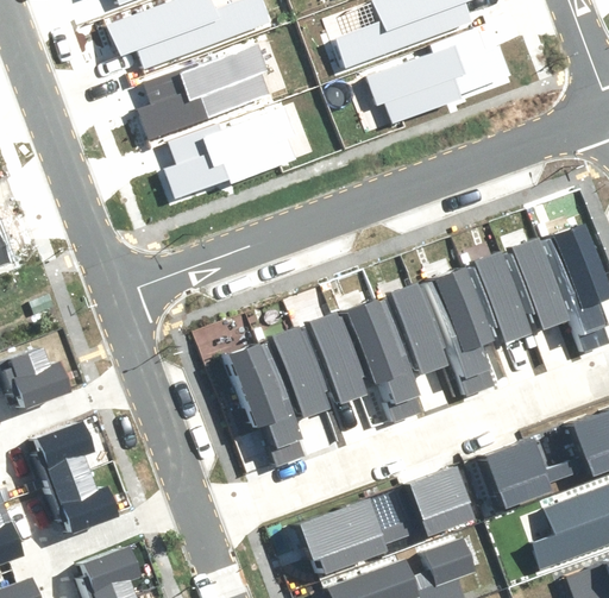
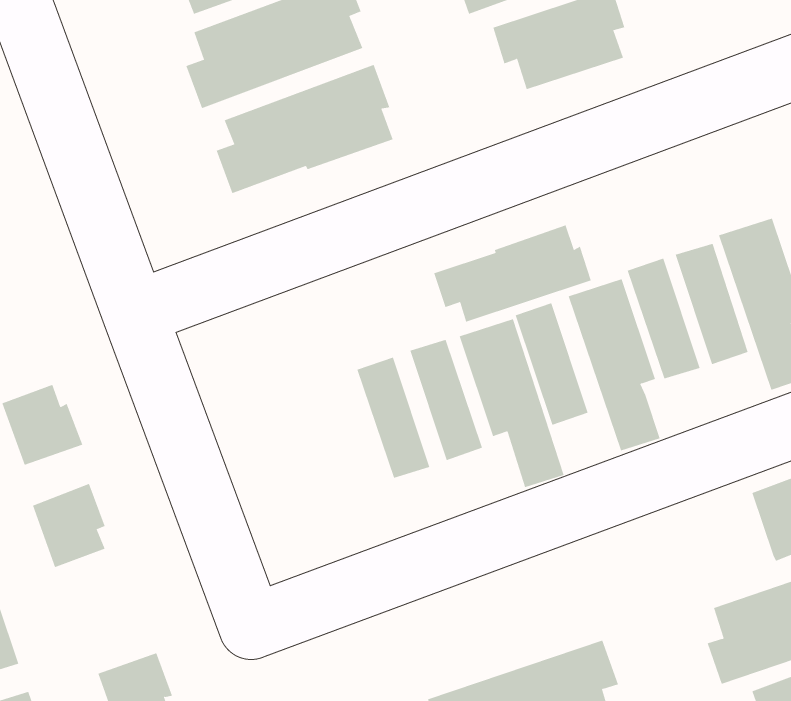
building: none -> [433,225,592,323]
building: [227,339,306,464] -> none
building: [478,438,542,503] -> none
building: [48,466,108,528] -> none
building: [406,467,471,534] -> none
building: [296,496,388,568] -> none

